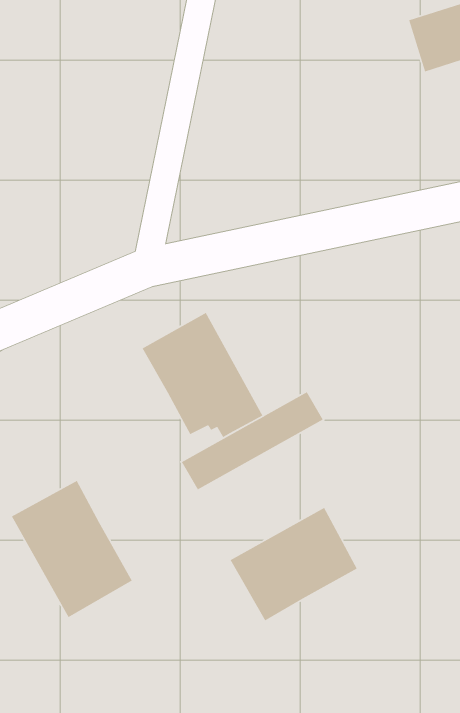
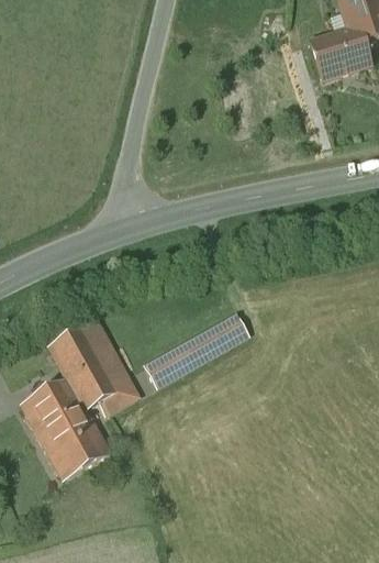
building: [142,312,263,438] -> [49,319,138,411]
building: [229,507,358,622] -> none

